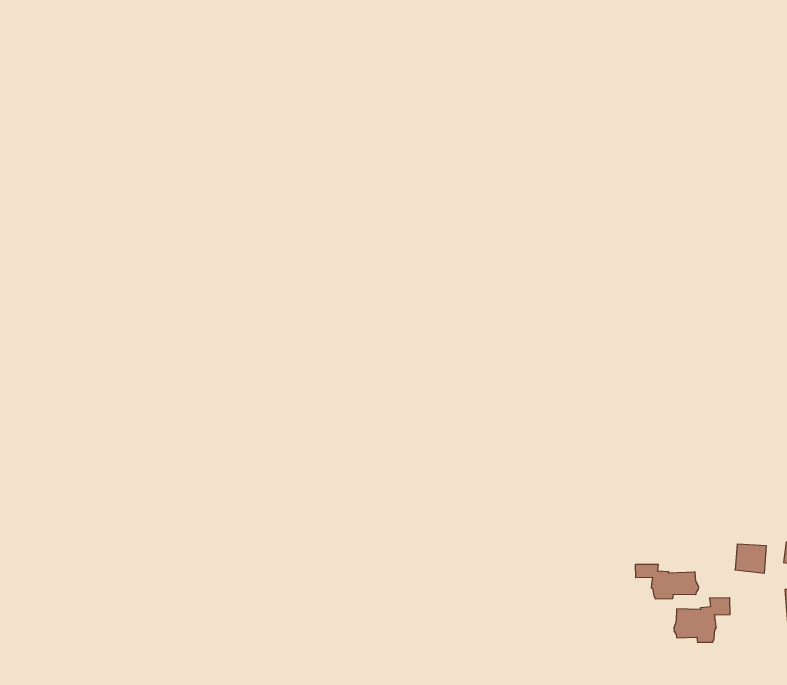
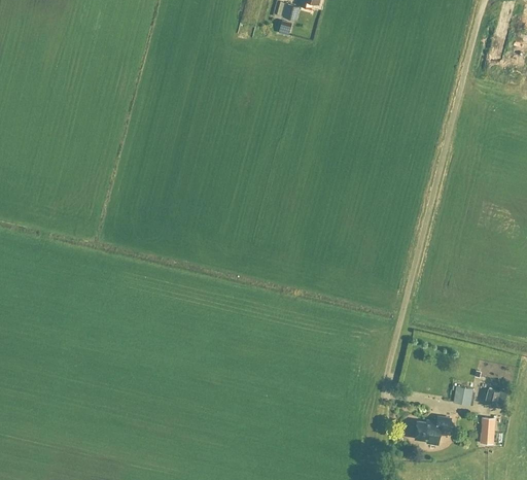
building: [636,564,699,599] -> none

